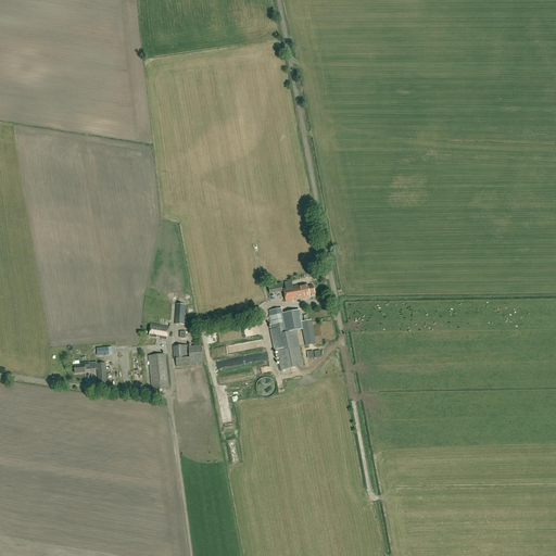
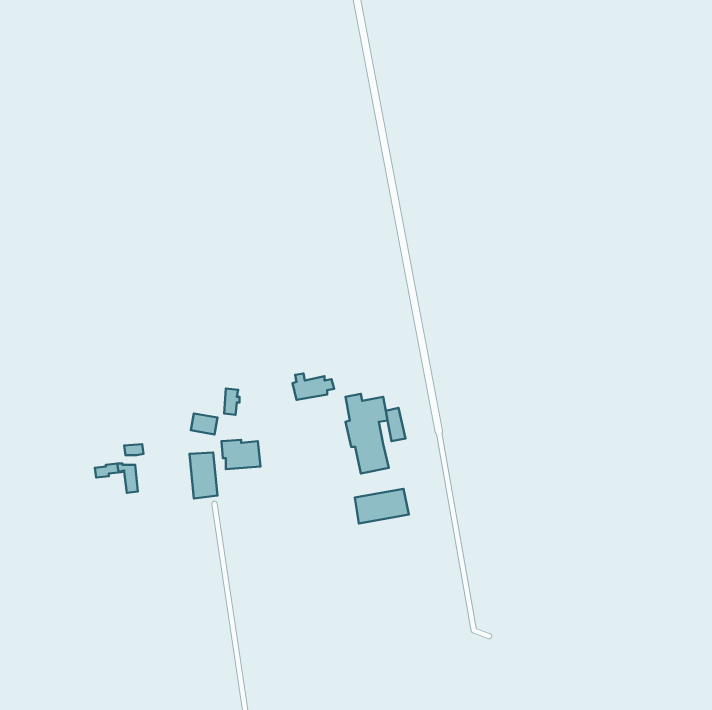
building: [282,280,315,301] -> [292,374,334,400]
building: none -> [355,489,409,524]

